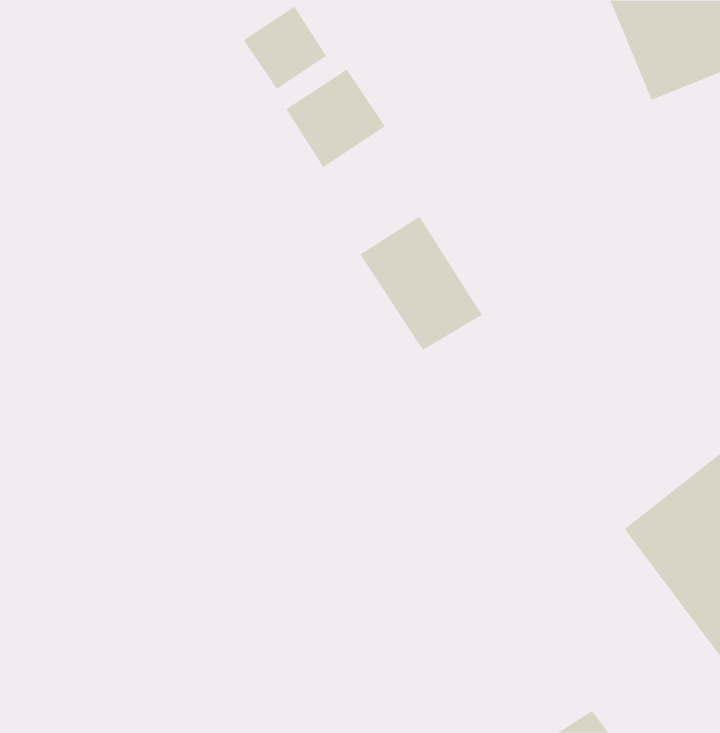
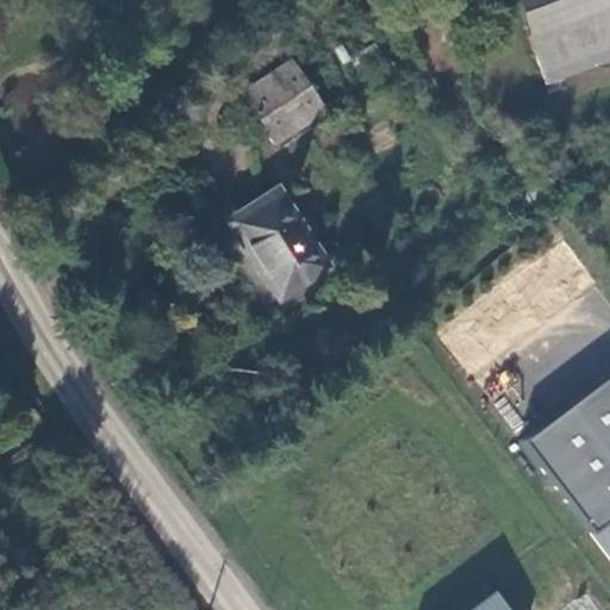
building: [243,6,327,90] -> none
building: [360,216,483,351] -> [229,187,331,299]

